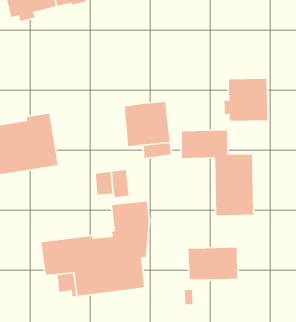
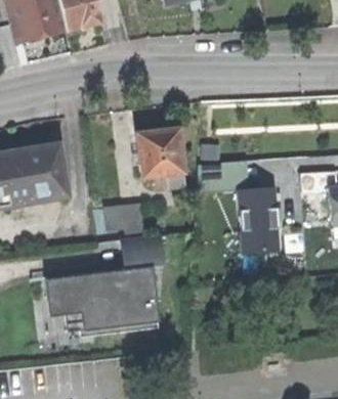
building: [224,78,268,122] -> none
building: [188,247,238,280] -> none

